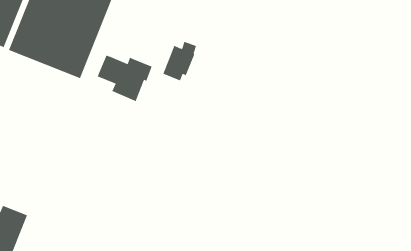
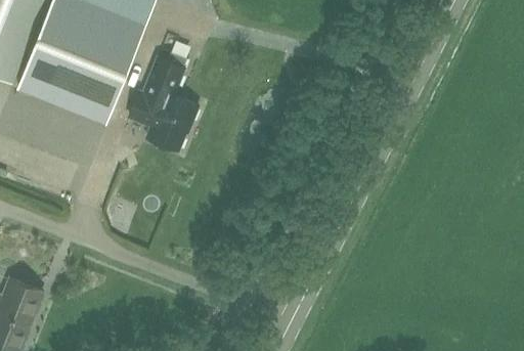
building: [163,41,197,81] -> [143,53,186,103]

